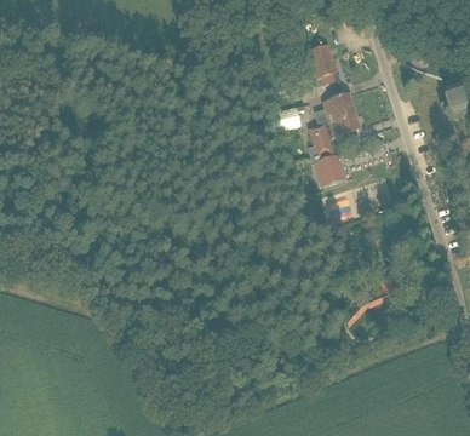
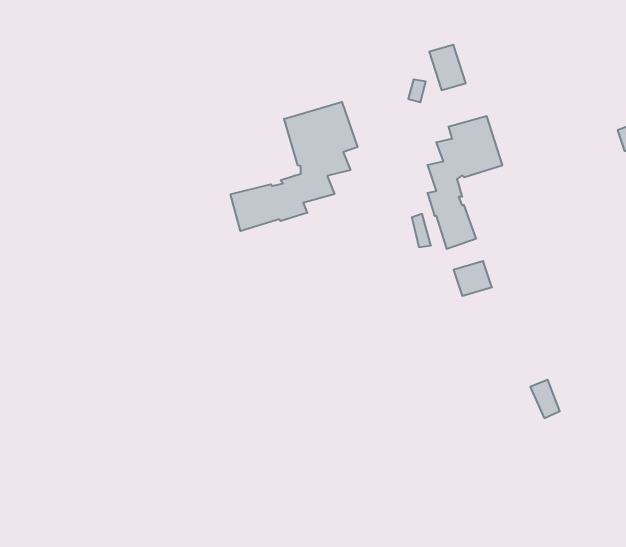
building: none -> [231,102,357,231]

